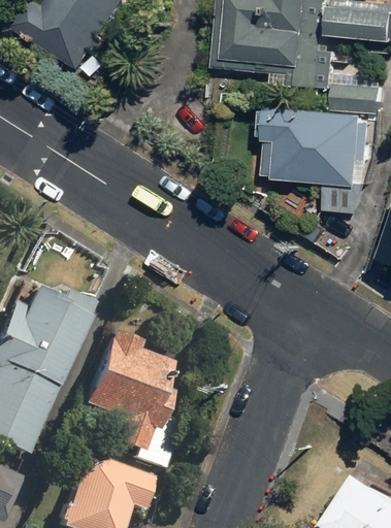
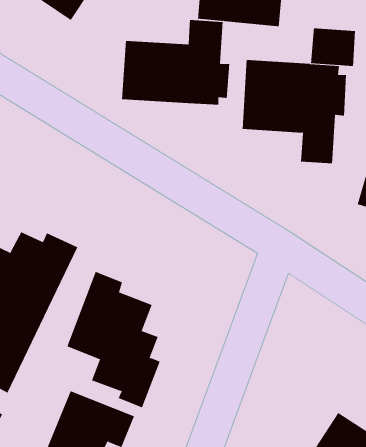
building: none -> [121,19,230,106]

